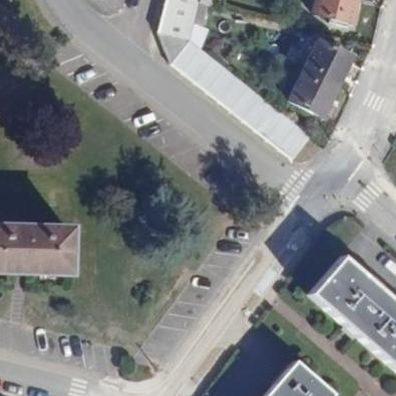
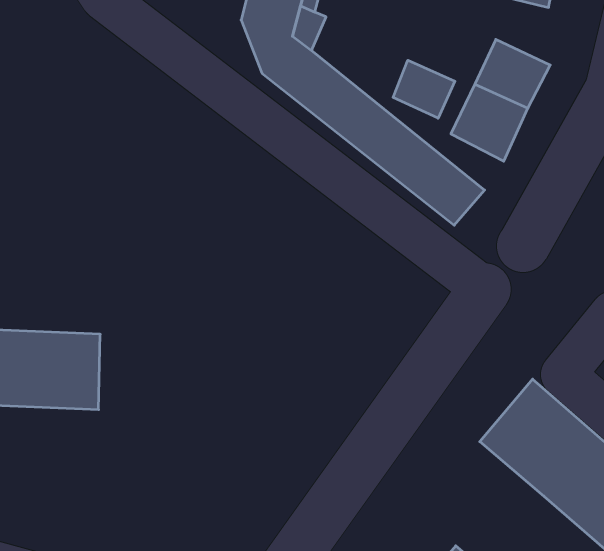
building: none -> [393,60,455,118]

